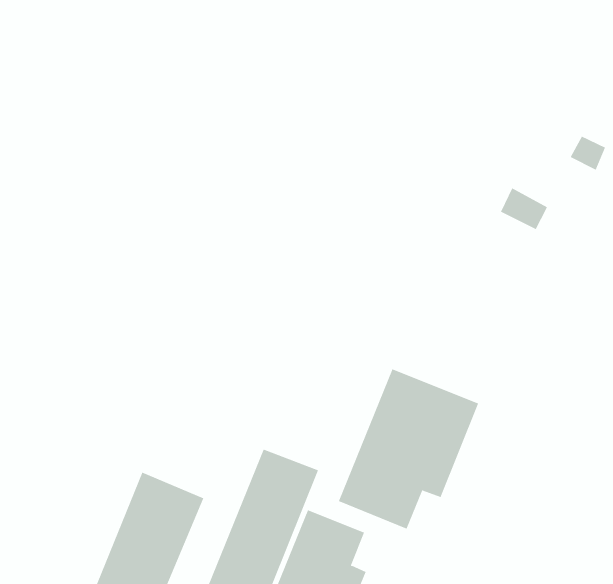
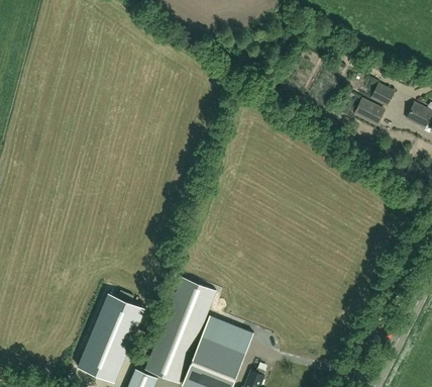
building: [500,187,548,230] -> [354,98,384,124]
building: [338,368,479,530] -> none

